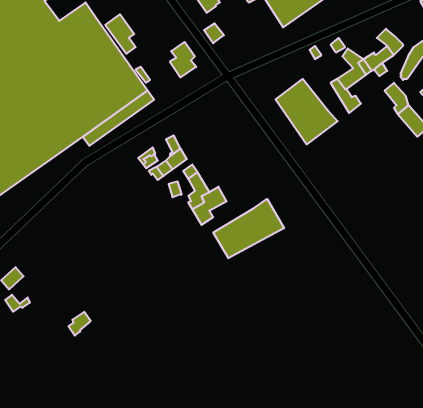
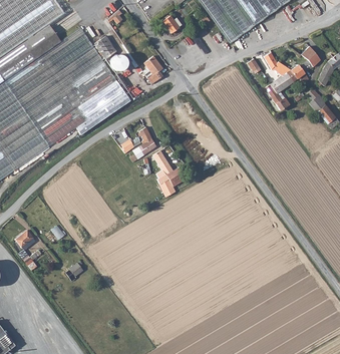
building: [276,79,338,144] -> none
building: [213,199,284,258] -> none

